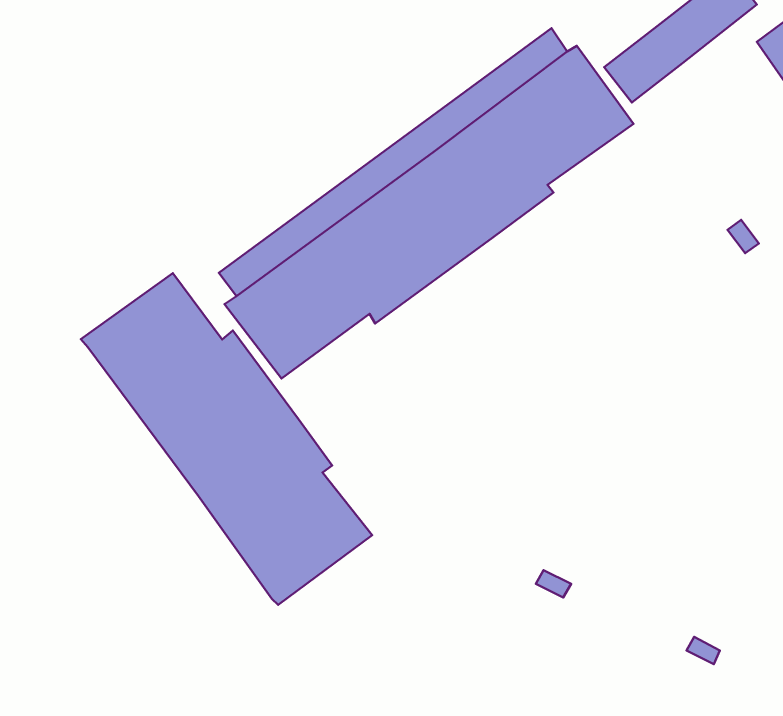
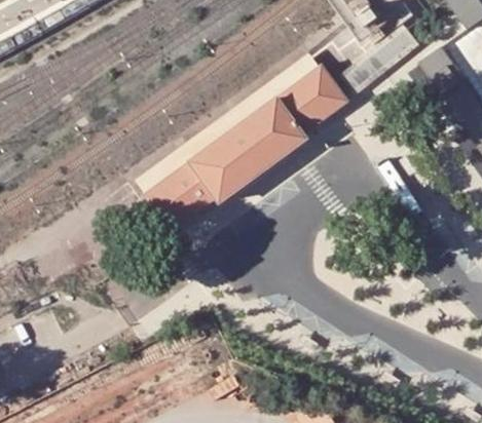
building: [81,273,372,605] -> none

